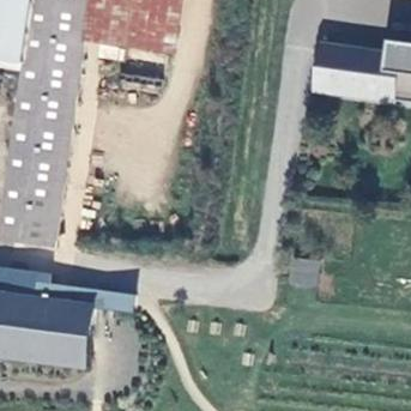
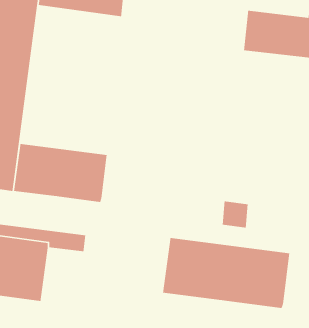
building: none -> [13,143,108,203]
building: none -> [162,237,290,309]

